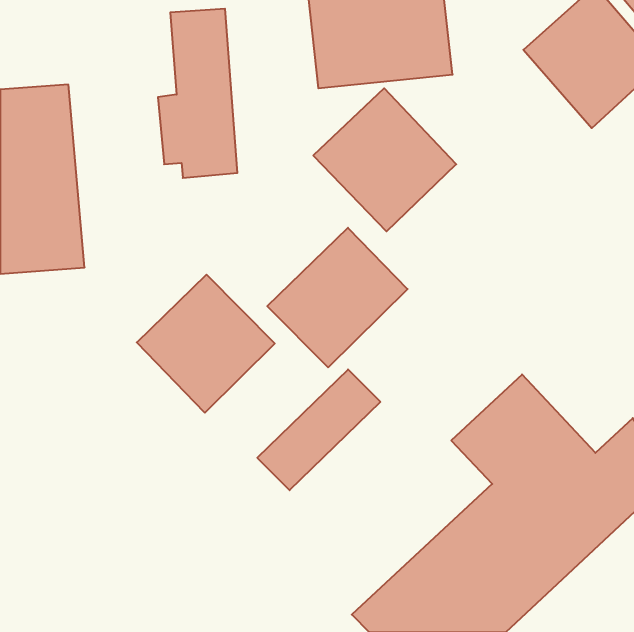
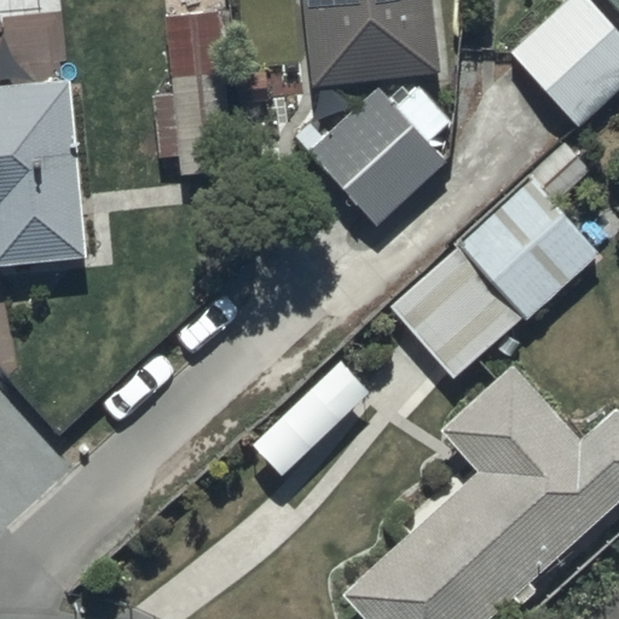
building: none -> [389,180,597,380]
building: [267,228,408,367] -> none
building: [137,275,275,413] -> none

